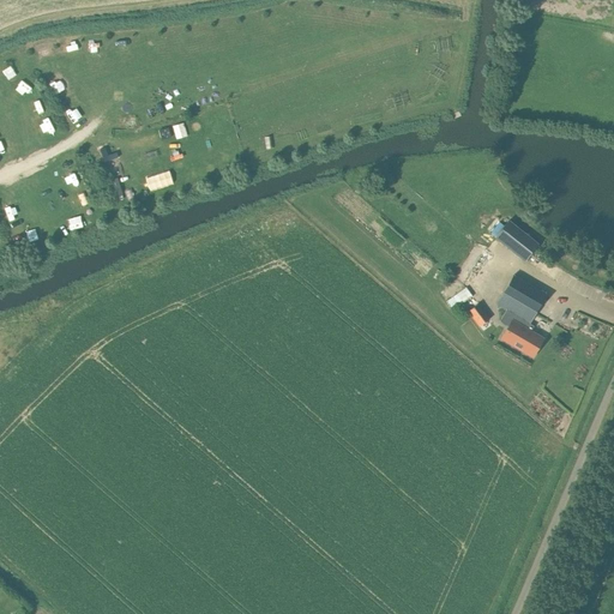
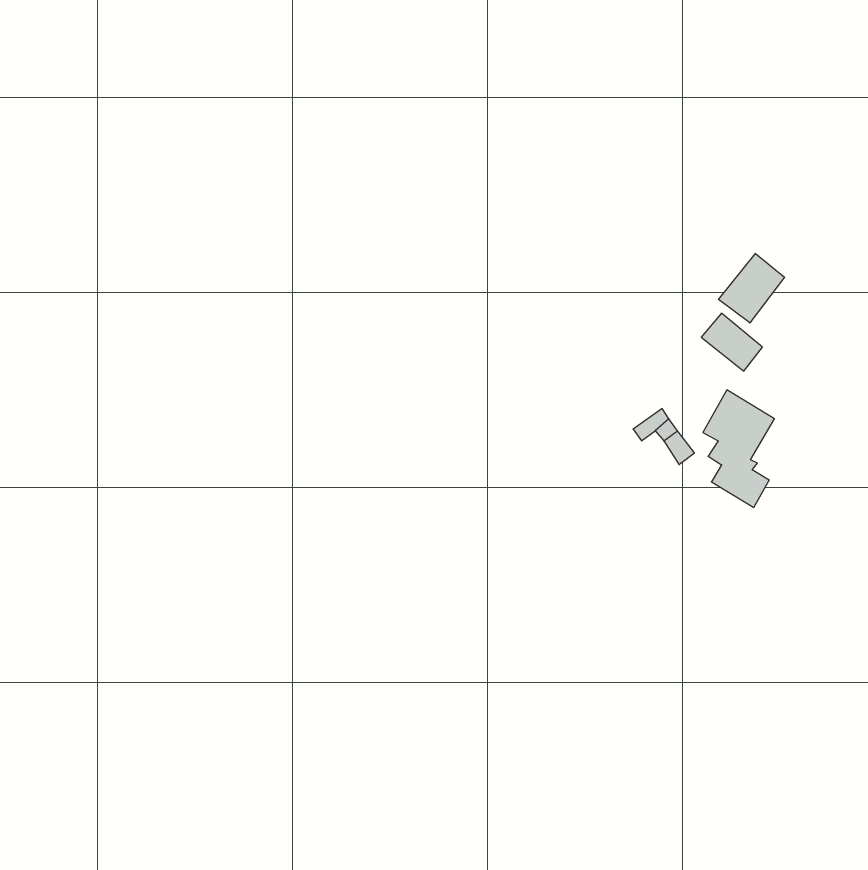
building: none -> [719,253,785,323]

